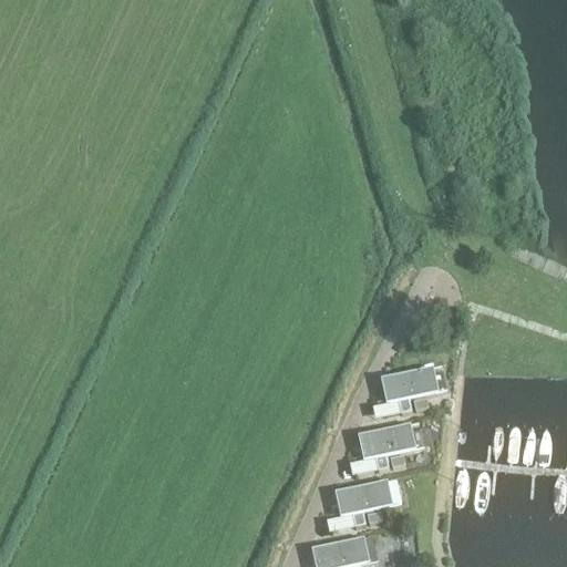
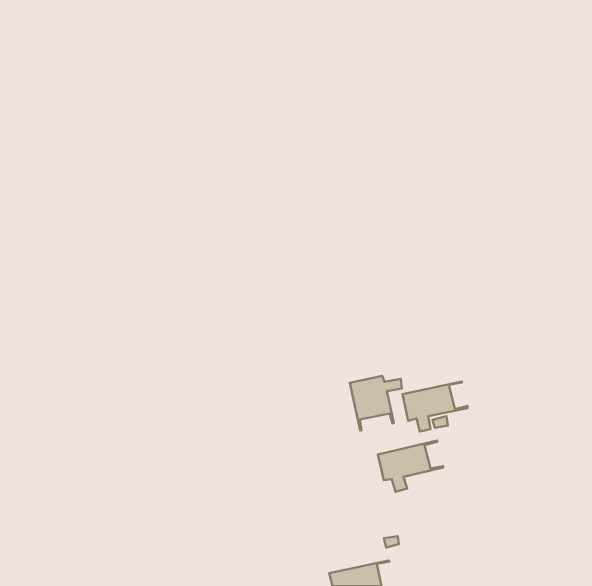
building: none -> [350,376,402,431]
building: [337,476,399,525] -> none

